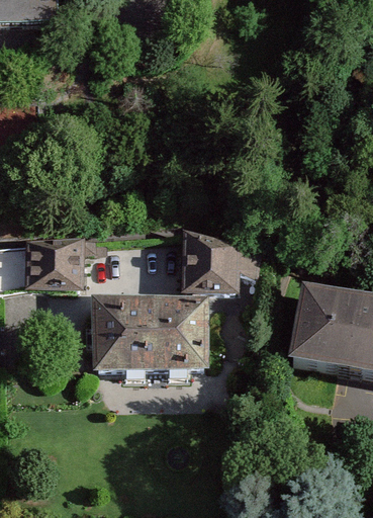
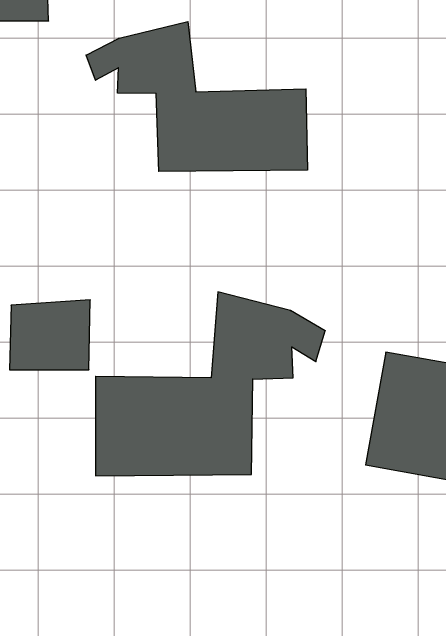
building: none -> [86,22,307,171]

